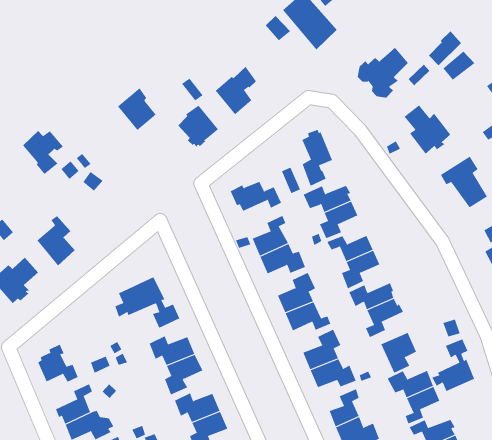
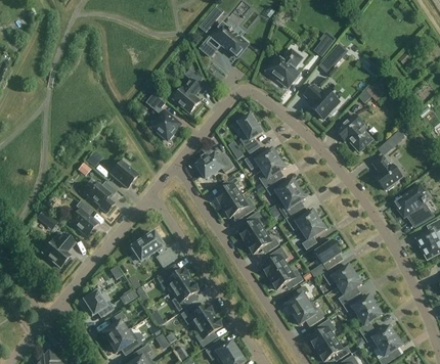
building: [117,88,157,131] -> [111,157,138,187]
building: [22,130,64,175] -> [88,181,117,212]
building: [432,338,475,392] -> none

